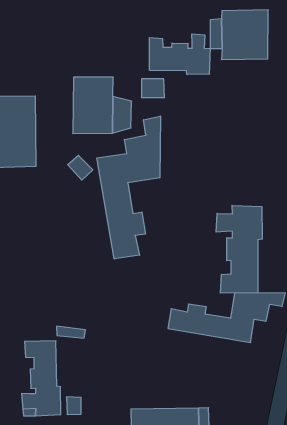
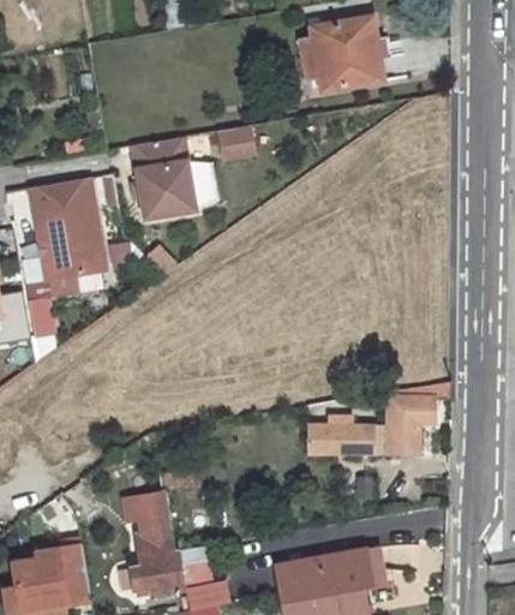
building: [150,34,210,75] -> none
building: [97,116,160,259] -> none
building: [216,205,262,293] -> none

